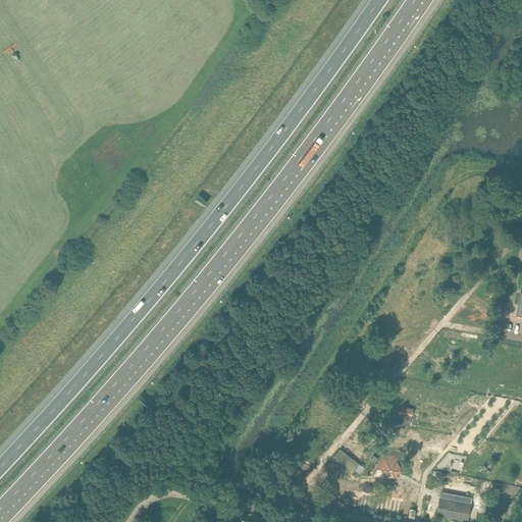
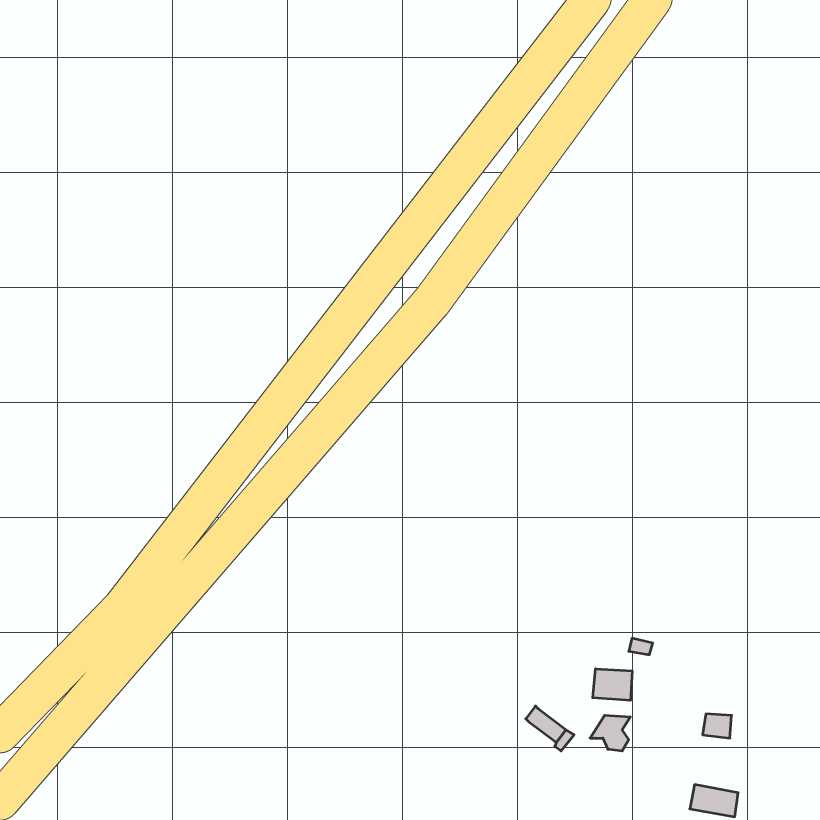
building: none -> [593,669,632,700]

